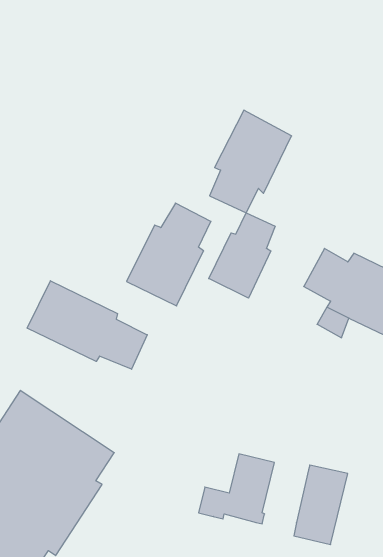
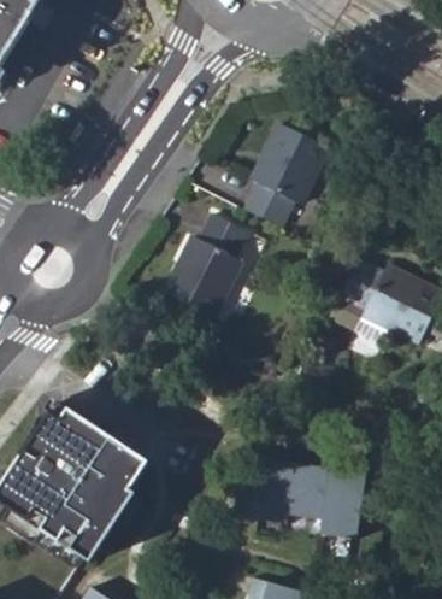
building: [209,213,275,298] -> none
building: [27,281,147,369] -> none
building: none -> [295,470,341,529]

